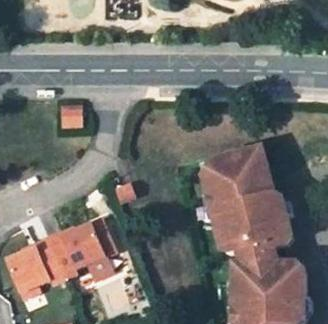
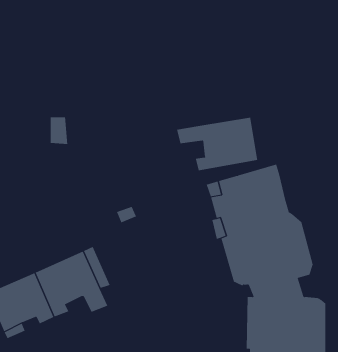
building: none -> [177,117,258,171]

